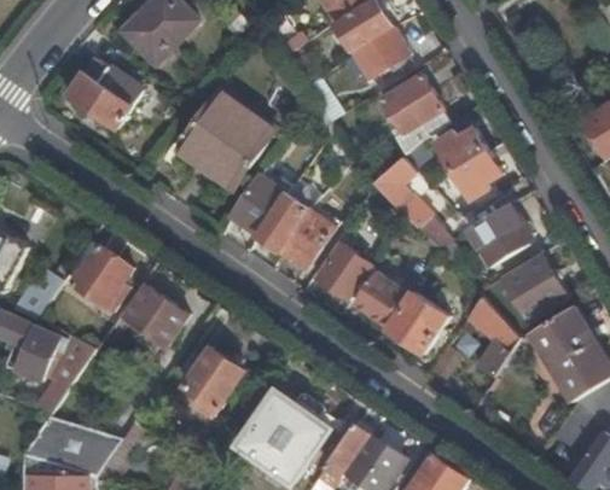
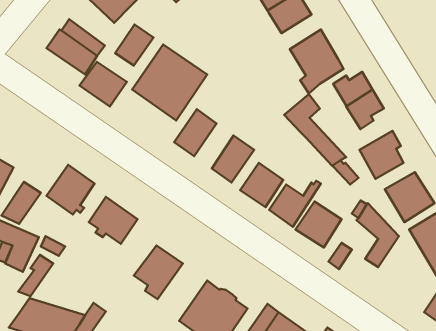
building: none -> [115,24,154,65]
building: none -> [80,62,127,107]
building: [257,192,308,250] -> none

